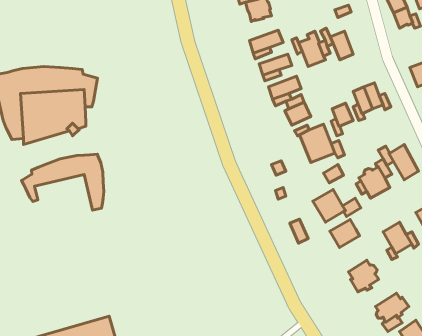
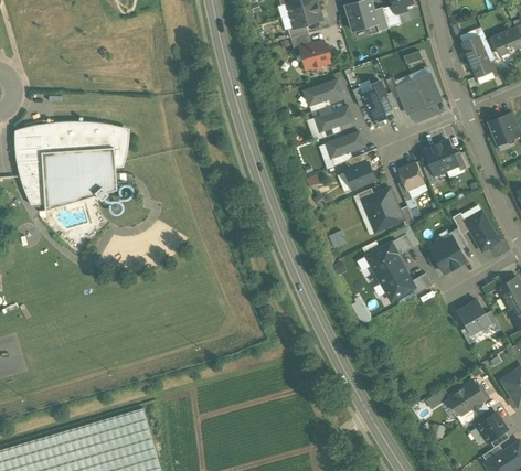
building: none -> [413,73,439,106]
building: [22,154,104,210] -> none
building: [330,220,360,247] -> [365,243,400,275]
building: [348,260,379,292] -> none

